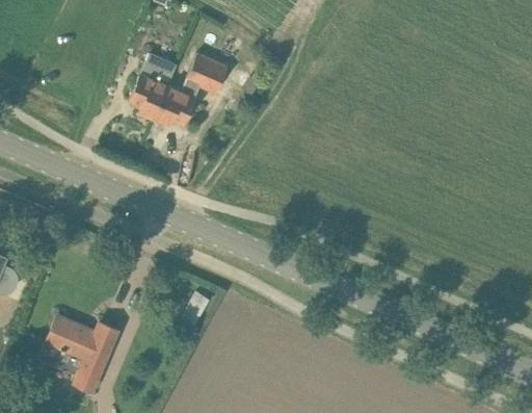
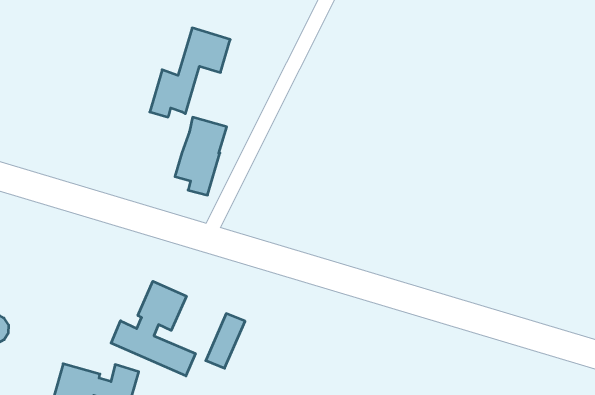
building: [129,53,177,119] -> [175,117,227,195]
building: none -> [111,281,195,376]

